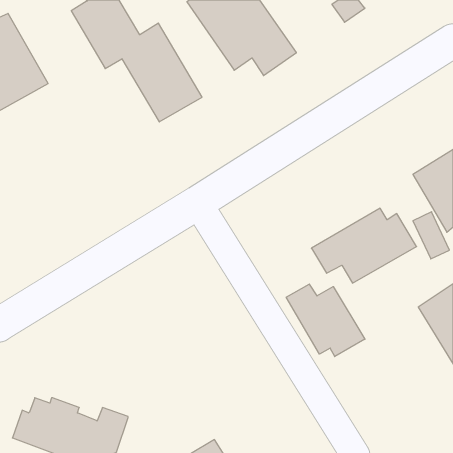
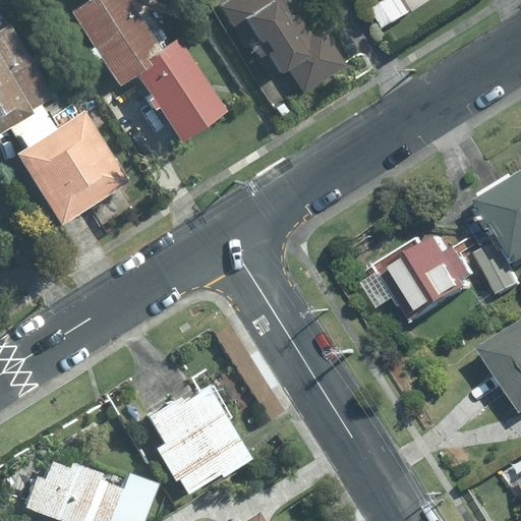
building: none -> [18,113,128,224]
building: [286,284,365,357] -> none
building: none -> [142,375,250,491]

